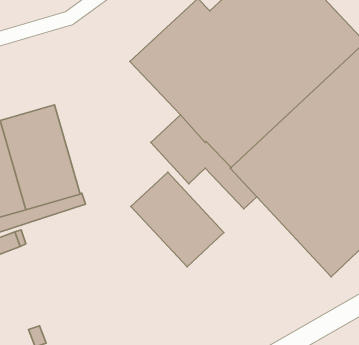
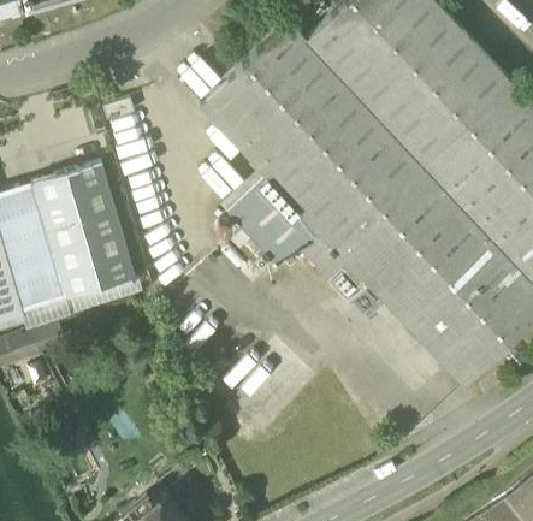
building: [131,172,224,267] -> none

